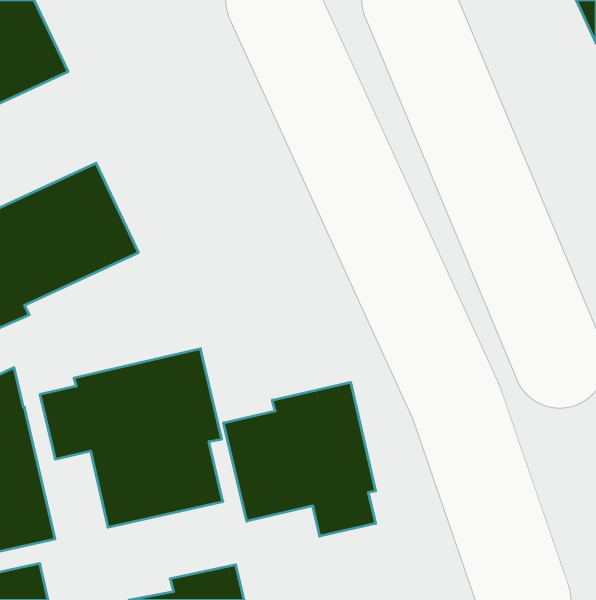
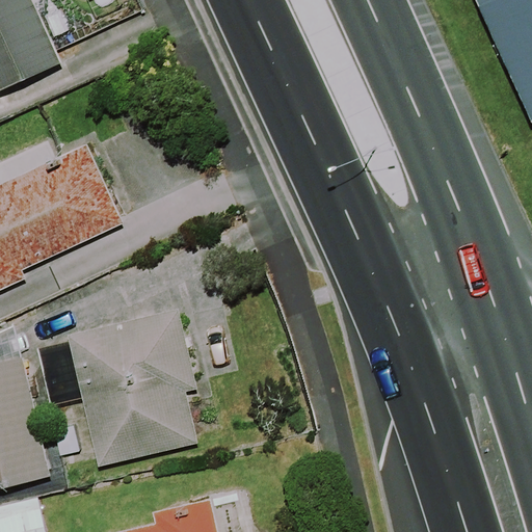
building: [224,382,376,536] -> none

